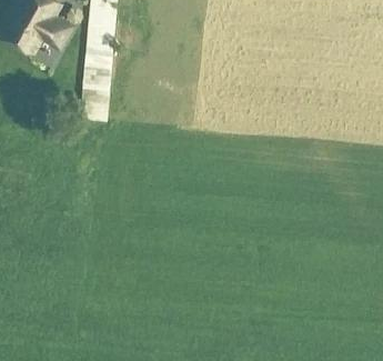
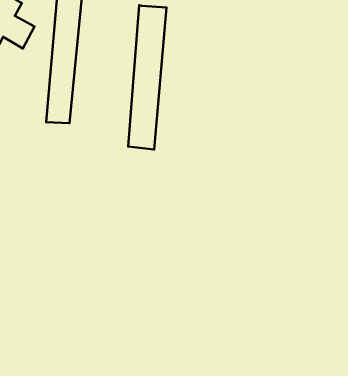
building: none -> [128,5,167,150]

